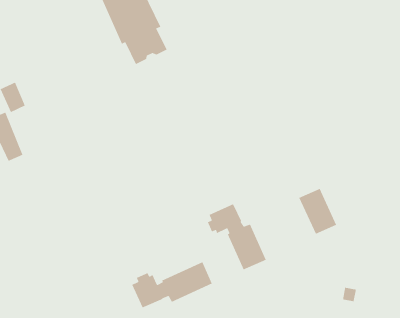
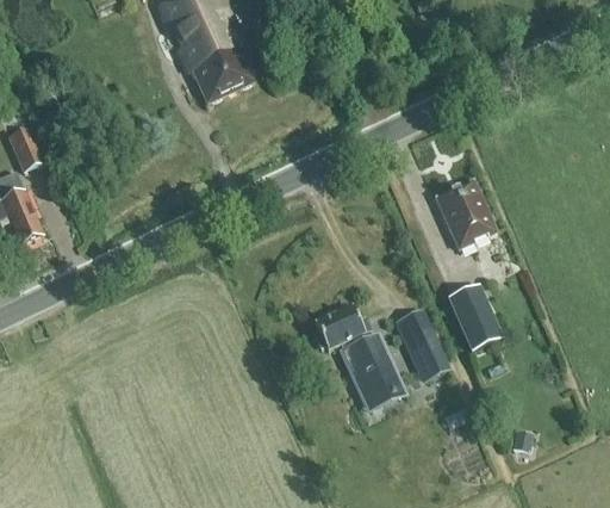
building: none -> [436,178,499,248]
building: none -> [392,308,447,379]
building: [131,261,213,309] -> none

